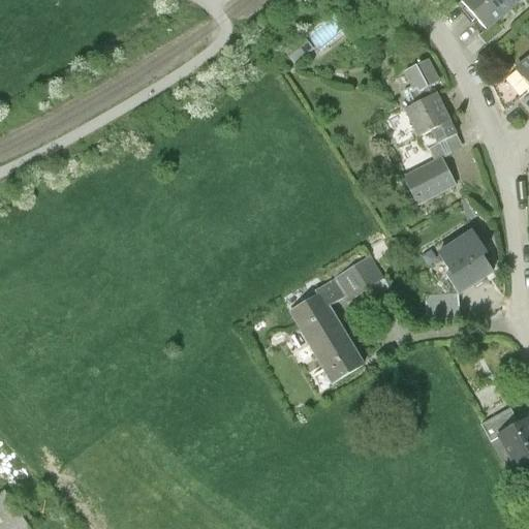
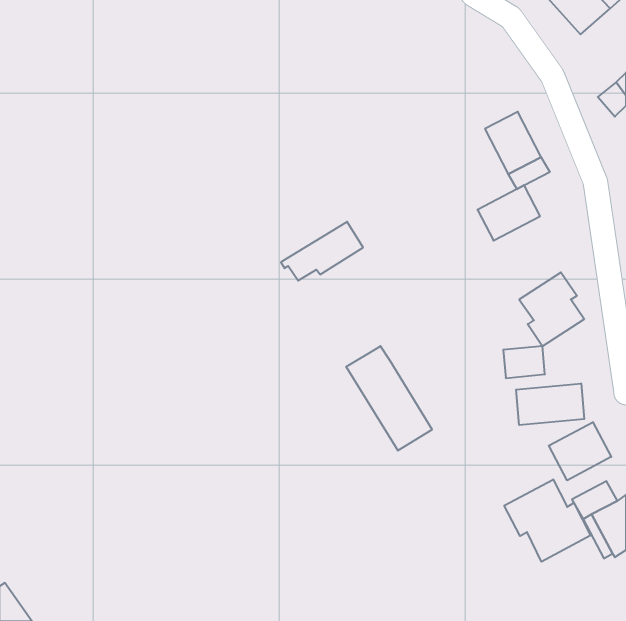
building: [406,60,439,91] -> none
building: [314,254,383,304] -> [281,222,363,281]
building: none -> [516,383,584,425]
building: none -> [549,422,611,480]
building: none -> [504,479,590,562]

